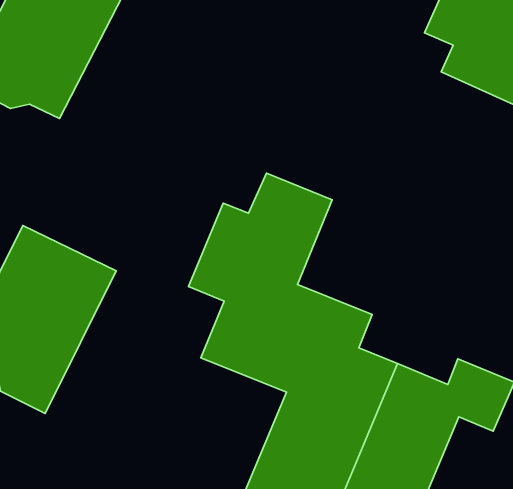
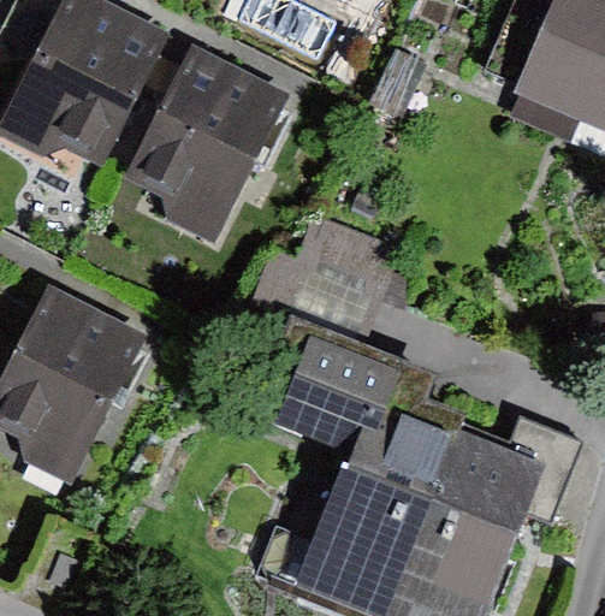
building: none -> [127,47,284,241]

